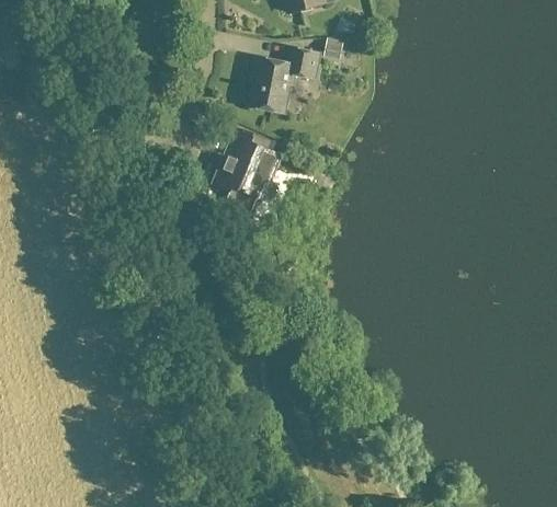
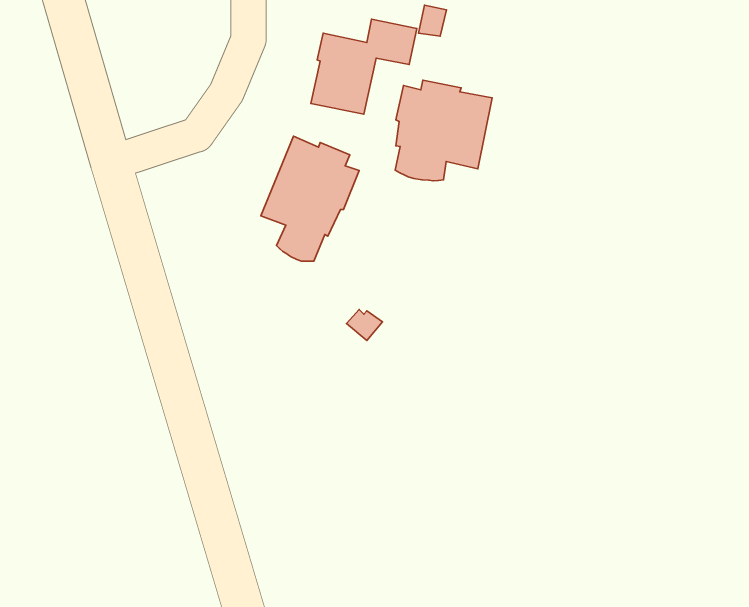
building: none -> [395,80,492,181]

